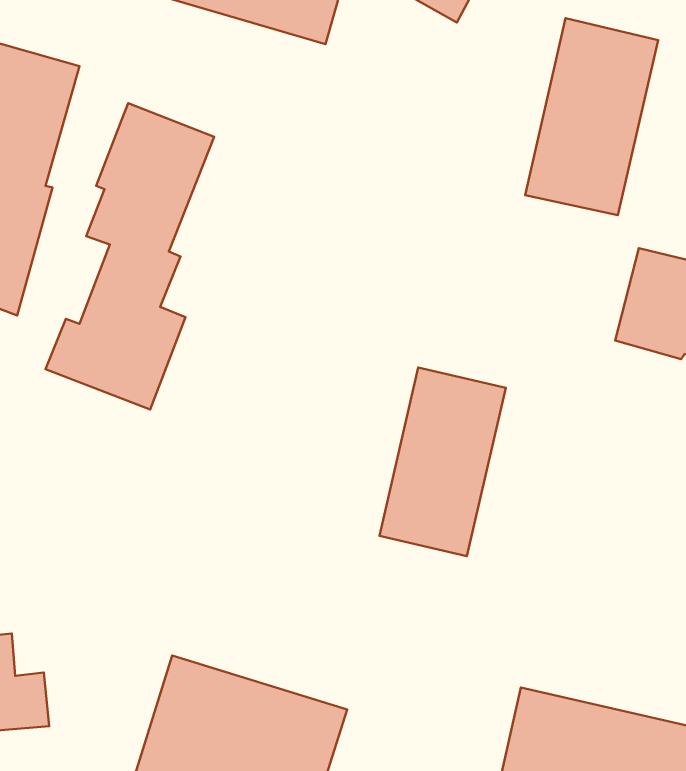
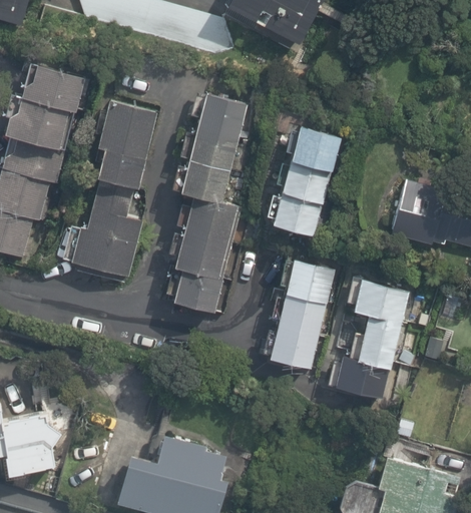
building: [525,18,658,215] -> [263,120,342,237]
building: none -> [167,96,250,315]
building: none -> [328,277,415,398]

